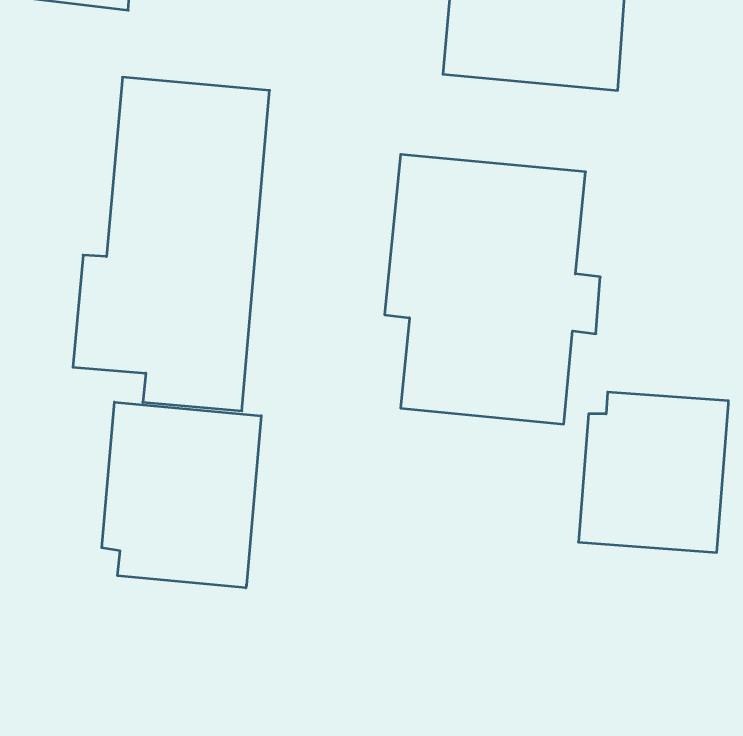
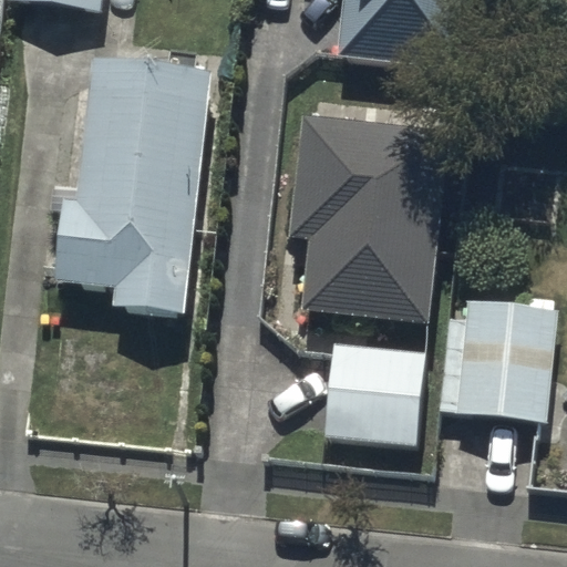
building: [102,402,261,588] -> none
building: none -> [324,341,422,442]

